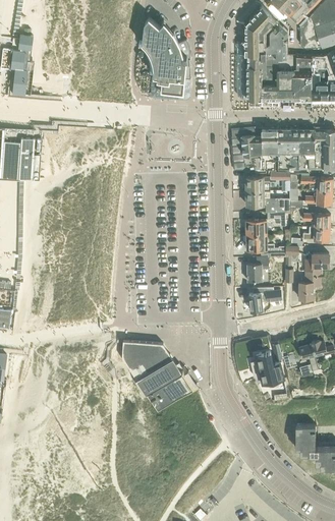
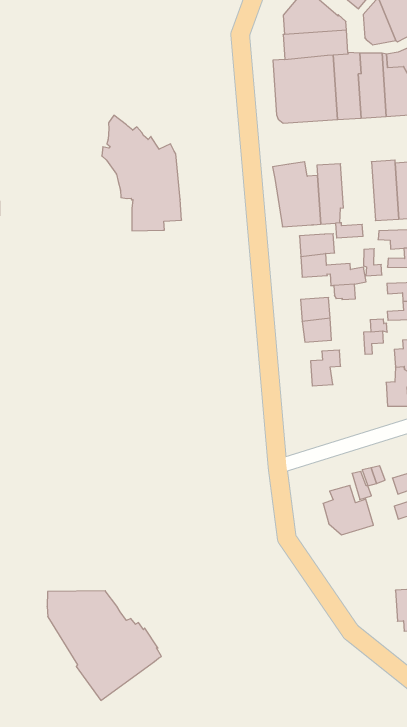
building: [138,17,190,99] -> [102,115,182,231]
building: [278,129,299,170] -> none
building: [249,288,283,311] -> none
building: [122,341,199,418] -> [47,591,161,700]

